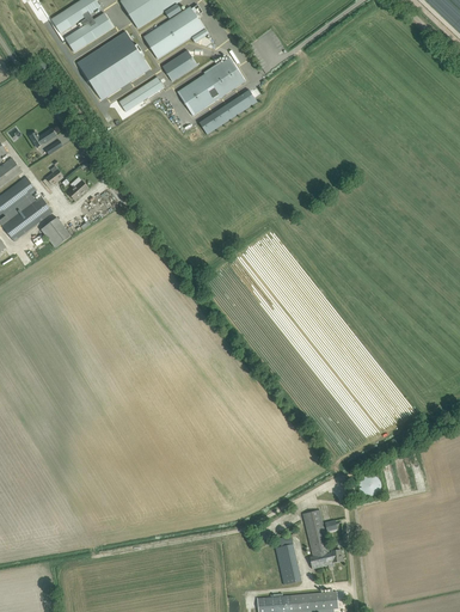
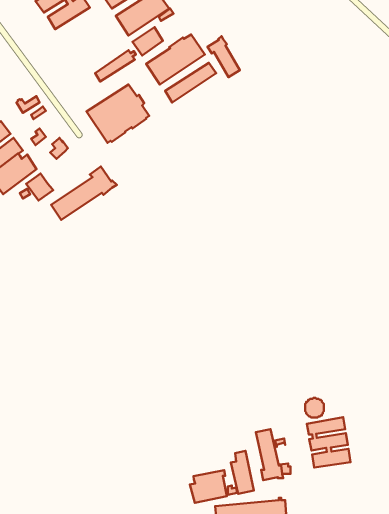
building: [76,31,148,98] -> [87,85,149,143]
building: none -> [207,36,240,77]
building: none -> [51,166,117,220]
building: none -> [307,417,351,467]
building: none -> [190,470,227,503]

